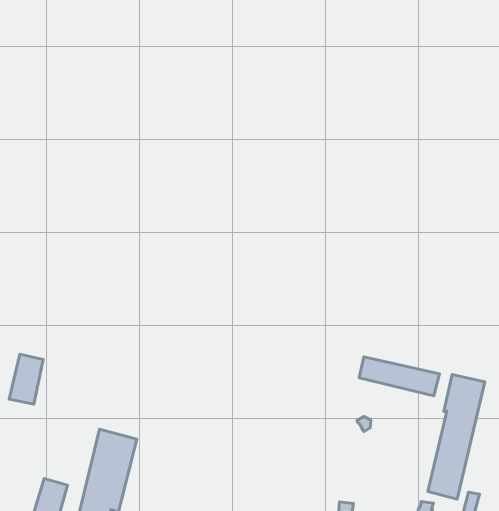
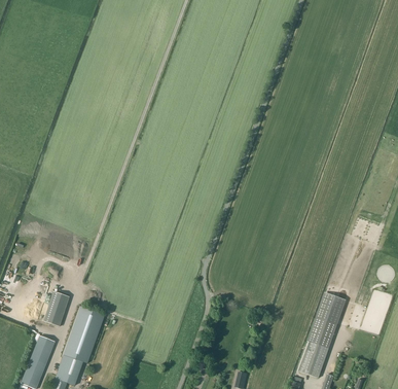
building: [9,354,43,404] -> [43,291,69,326]
building: [359,357,439,396] -> none

